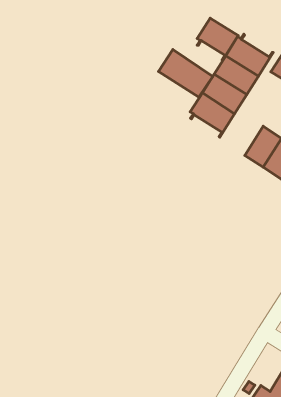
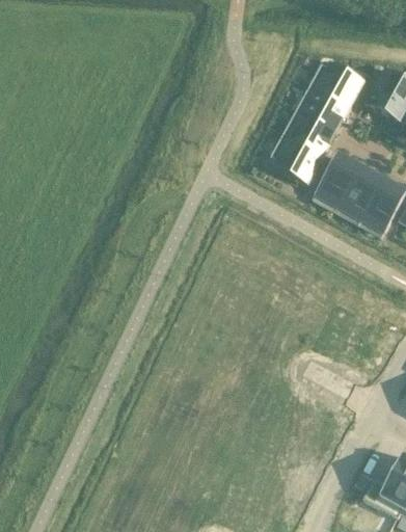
building: [197,18,238,61] -> none
building: [159,50,213,97] -> none
building: none -> [315,155,358,205]

